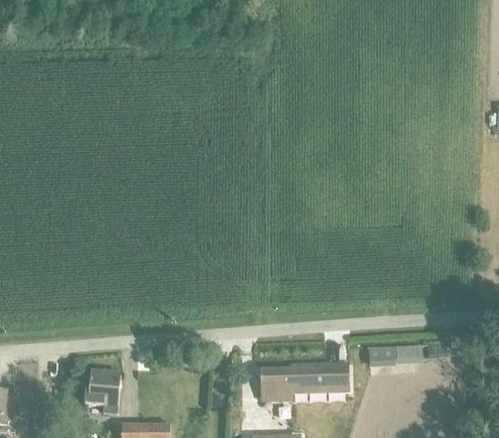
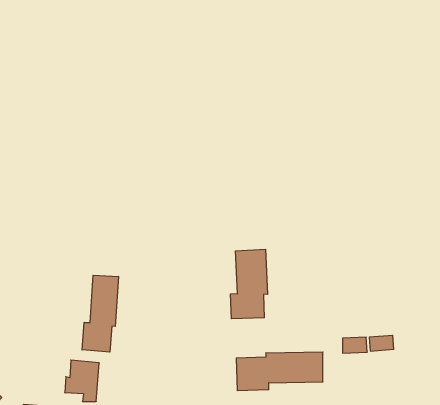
building: none -> [231,249,268,319]
building: none -> [82,275,118,352]

